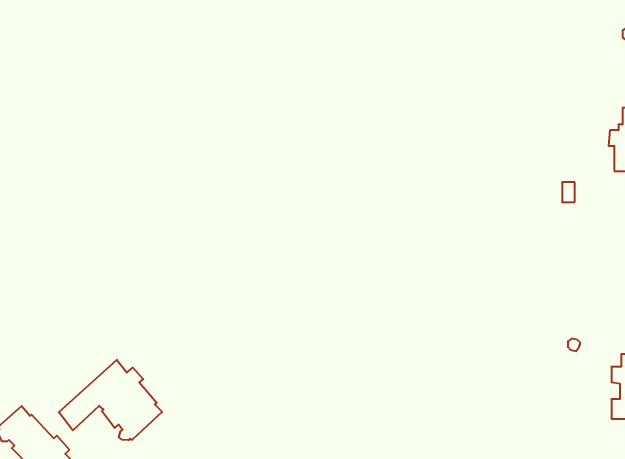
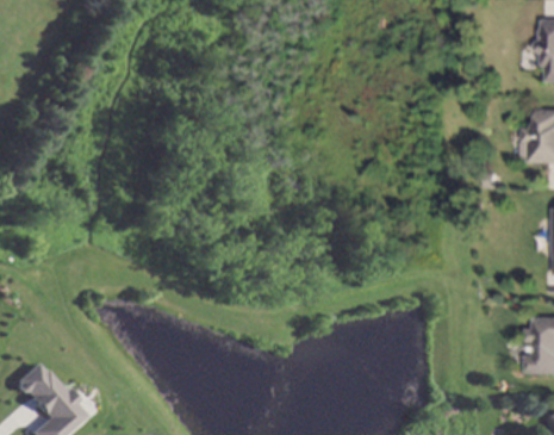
building: [59,360,162,440] -> none

